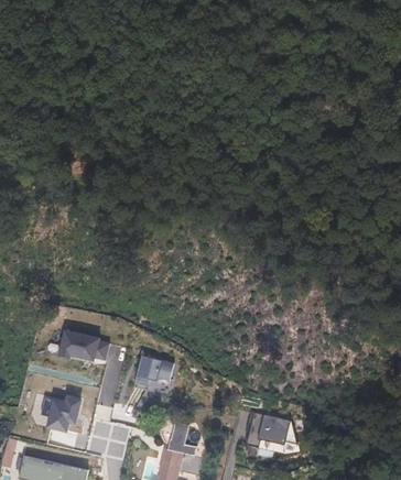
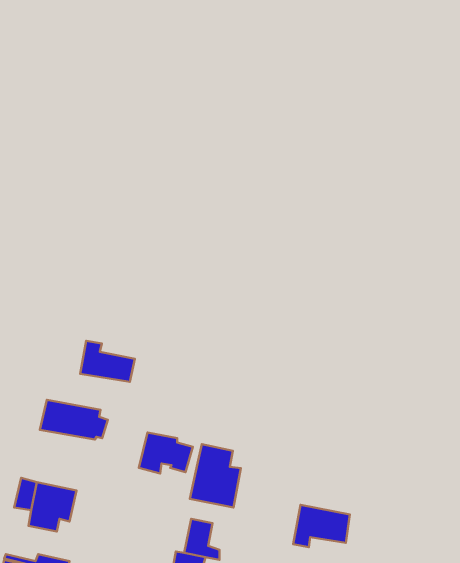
building: none -> [80,341,135,382]
building: none -> [190,444,241,508]

